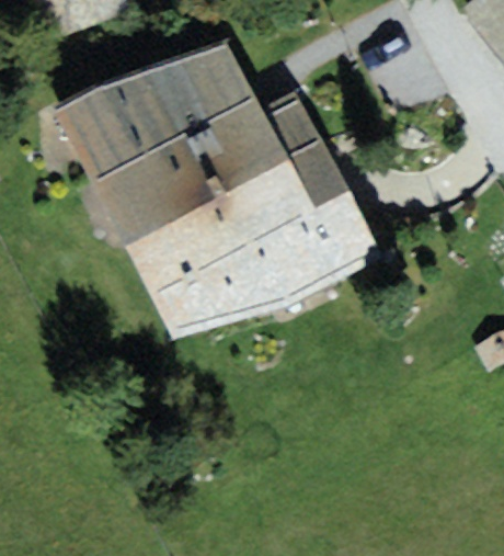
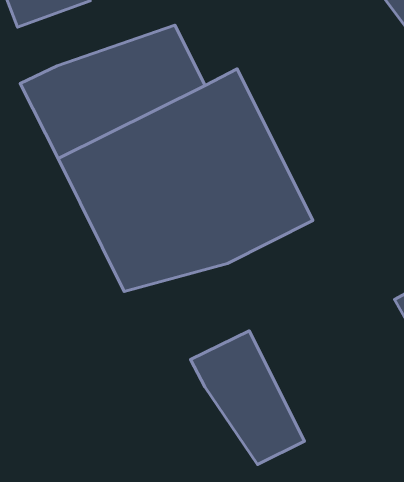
building: none -> [191,331,304,465]

